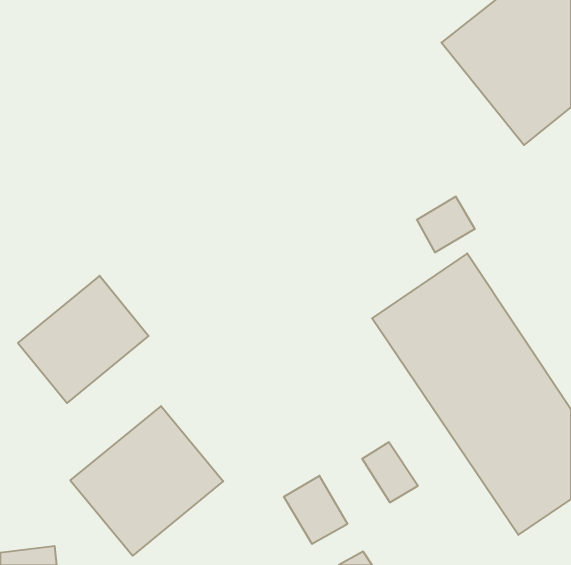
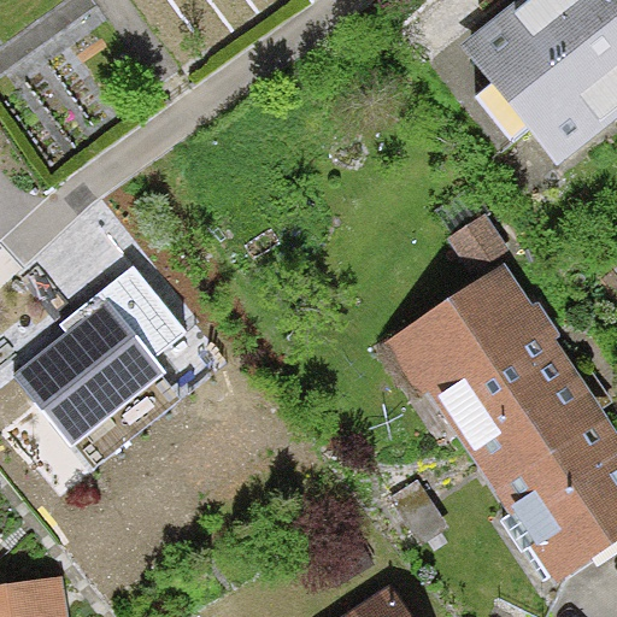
building: [70,406,223,556] -> none

